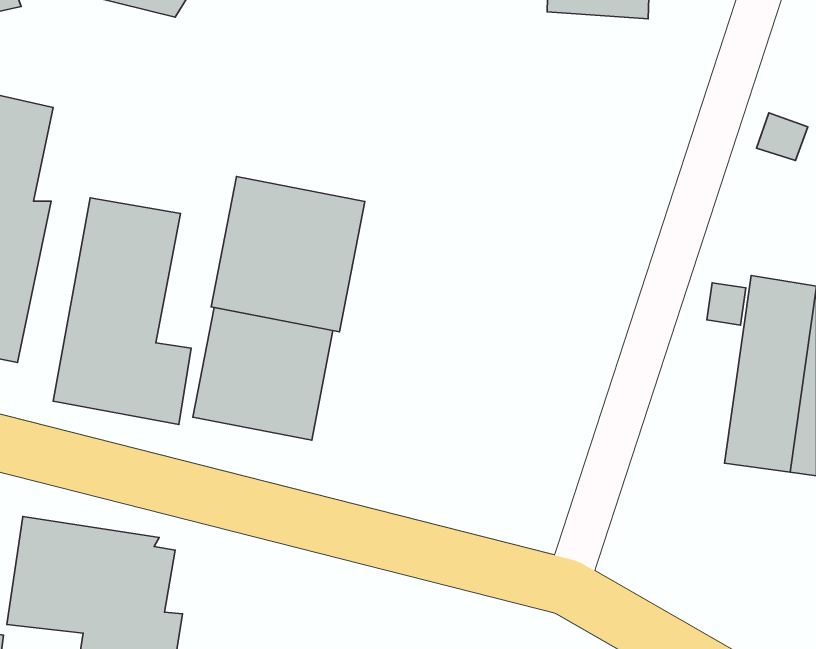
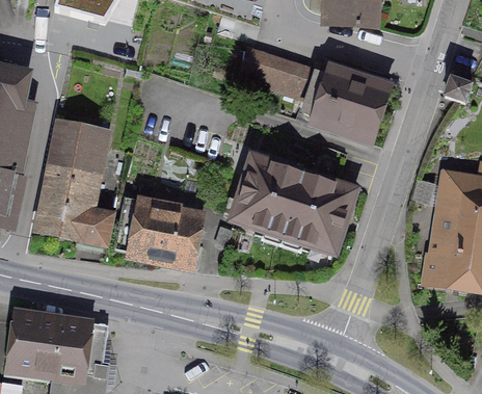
building: none -> [236,36,394,141]
building: [211,176,365,332] -> none
building: none -> [226,147,357,252]

